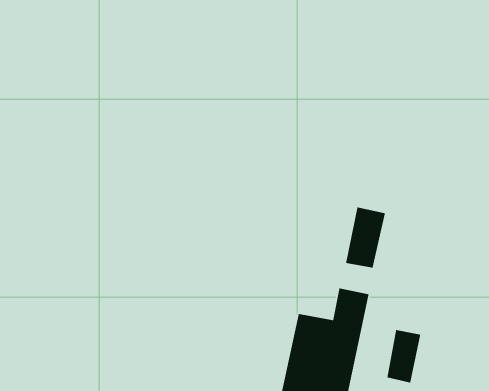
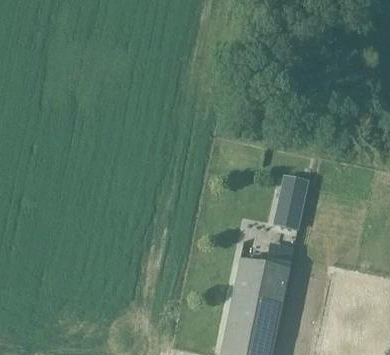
building: [387,329,421,384] -> none

